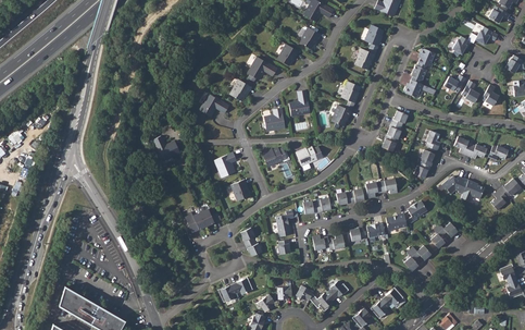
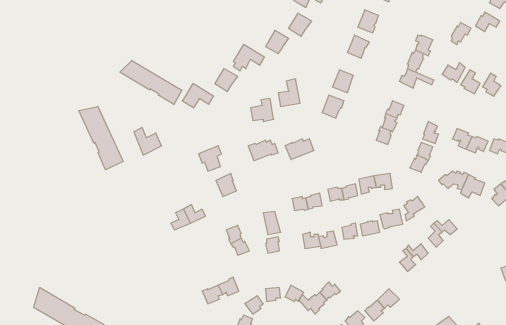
building: none -> [120,60,182,105]
building: none -> [79,106,123,170]

